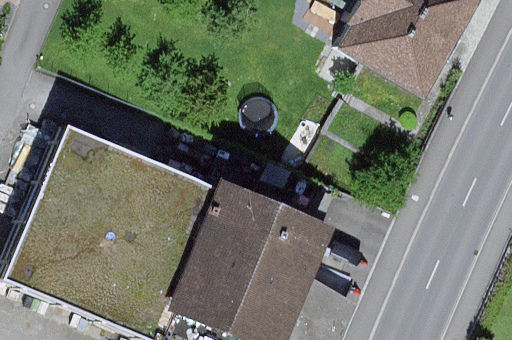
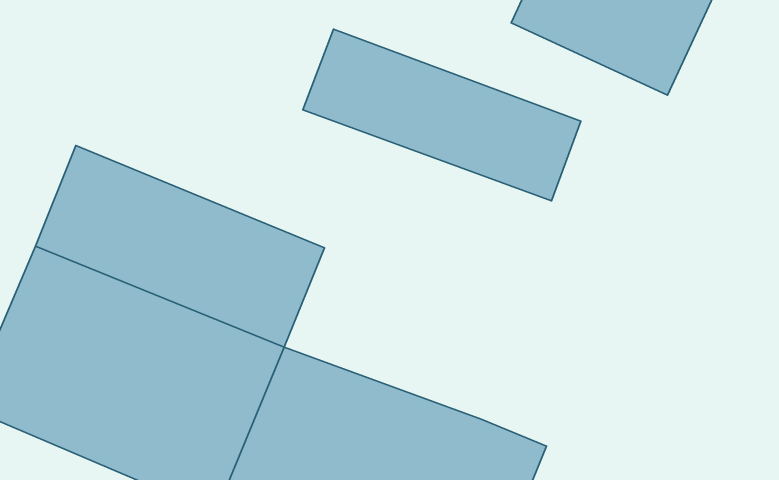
building: none -> [303,29,581,201]
building: [196,182,336,284] -> none

